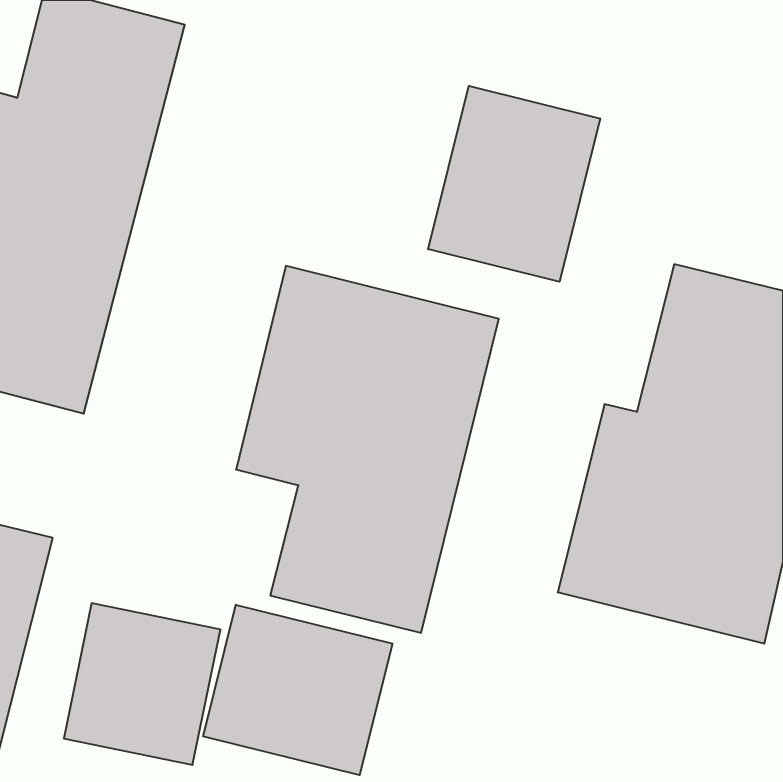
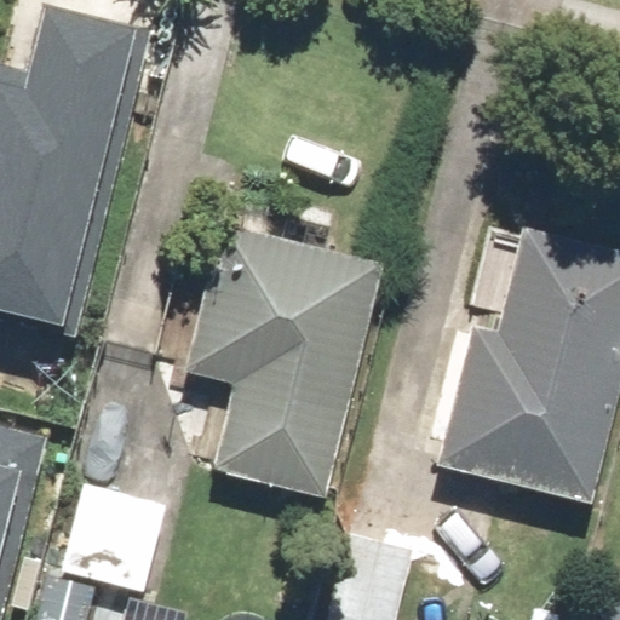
building: [428,86,600,282] -> none
building: [203,605,392,775] -> none

